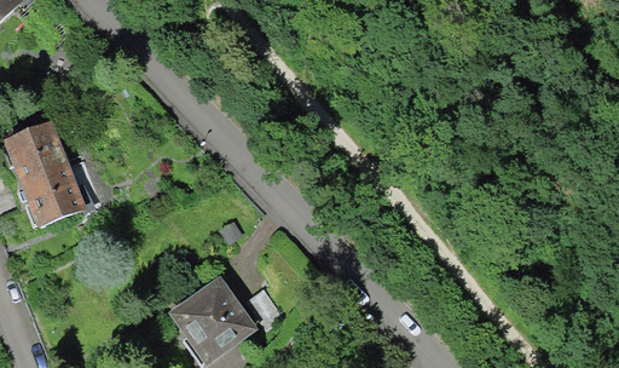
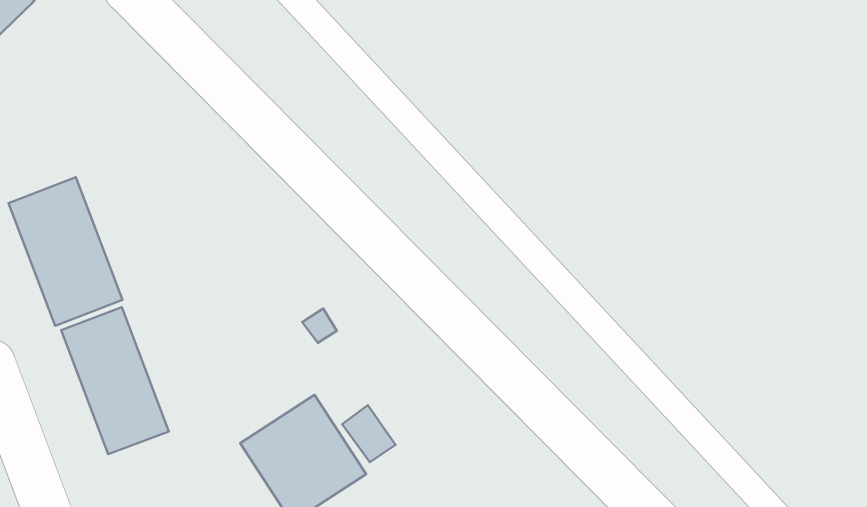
building: none -> [61,307,169,454]

